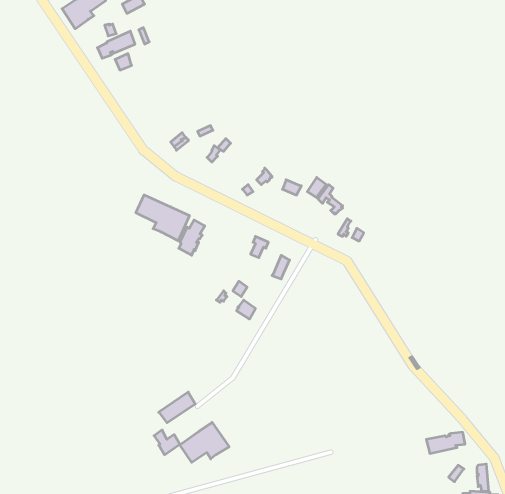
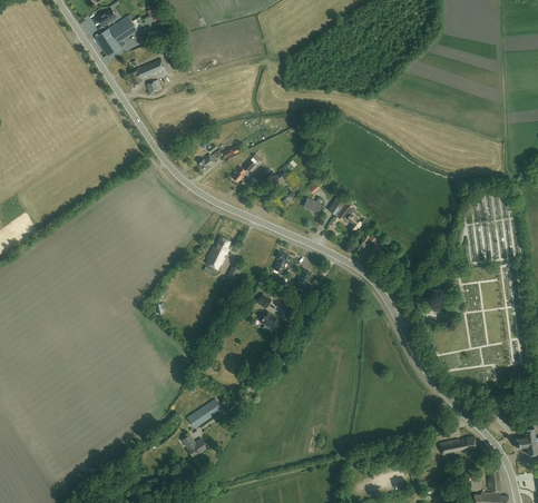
building: [136,195,189,241] -> none
building: [180,422,229,462] -> none

